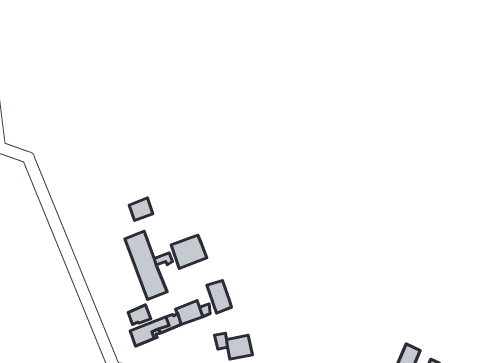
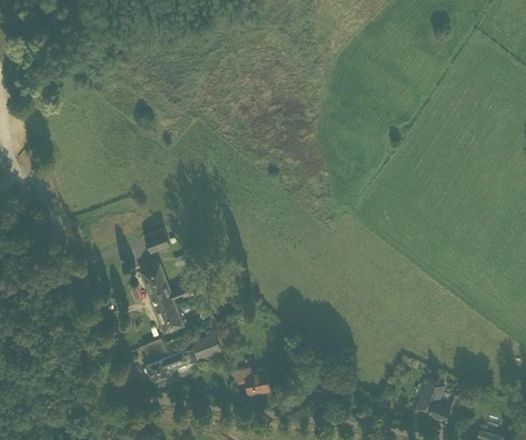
building: [171,235,207,268] -> none
building: [207,280,232,313] -> none

